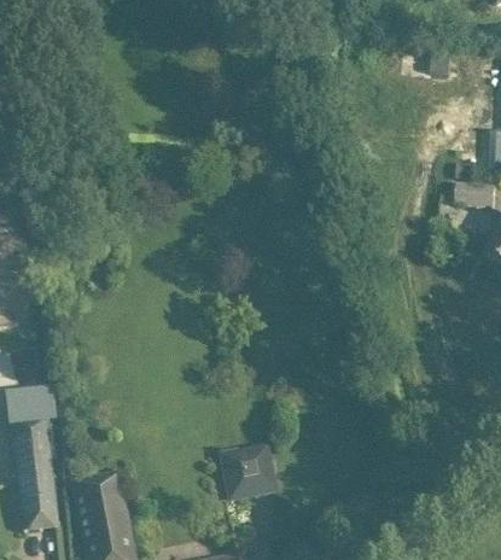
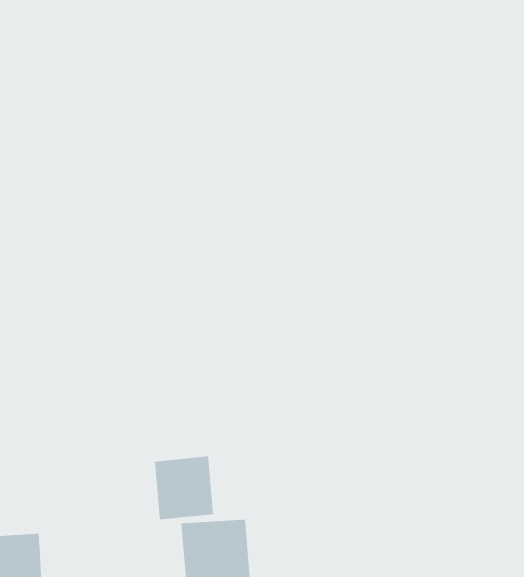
building: none -> [155,455,213,520]

